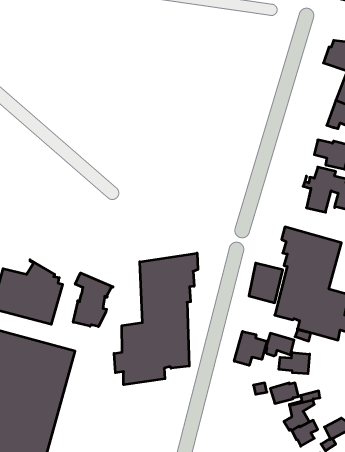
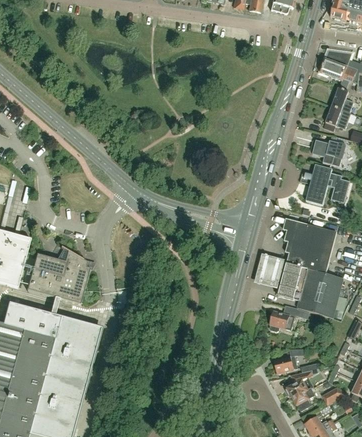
building: [114,253,198,385] -> none
building: [73,273,113,327] -> none
building: [234,331,267,365] -> none
building: [279,352,310,374] -> none

